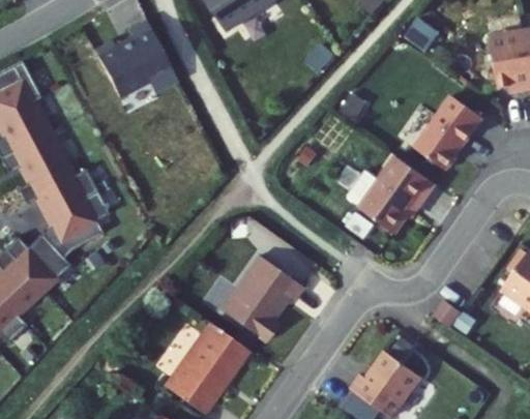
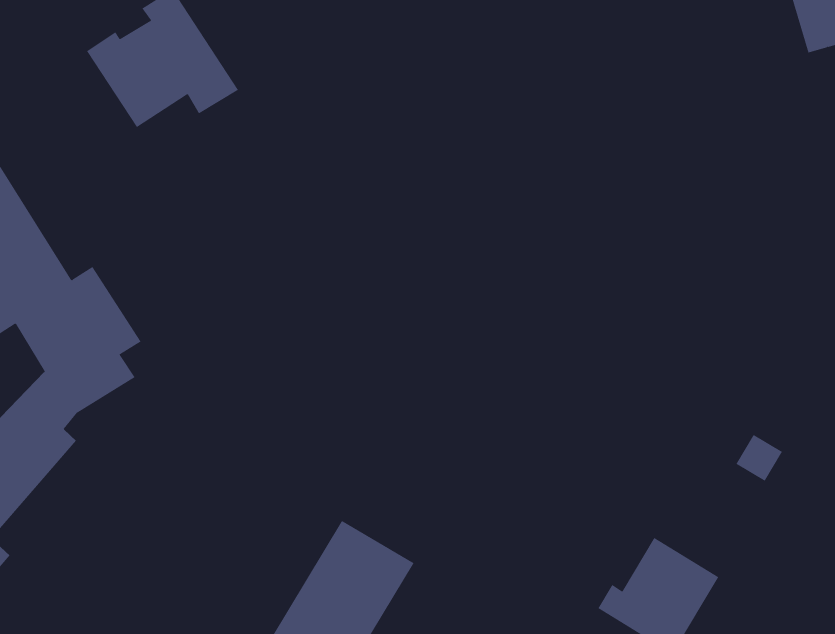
building: [412,93,479,168] -> none
building: [344,154,434,232] -> none
building: [220,257,303,343] -> none

